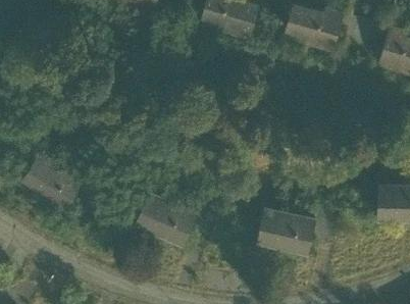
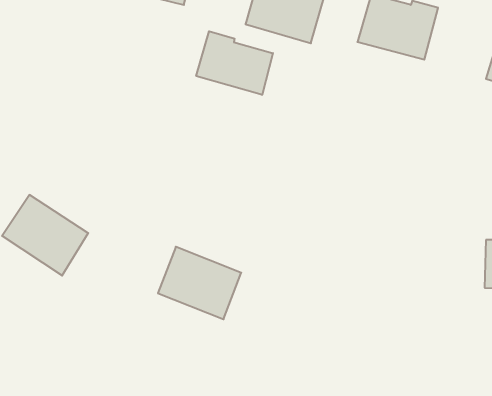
building: none -> [196,31,273,95]
building: [257,209,316,256] -> none

